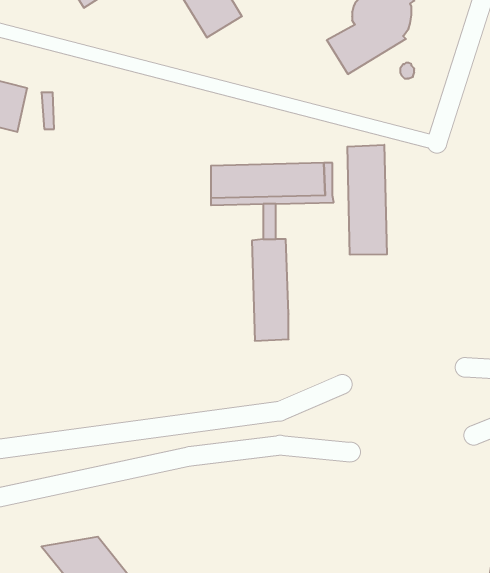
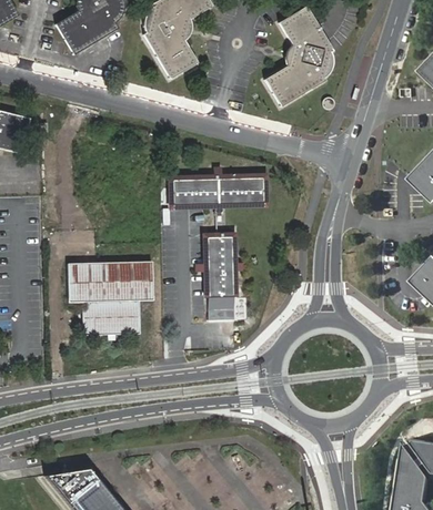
building: [347,145,387,255] -> none
building: none -> [67,262,151,335]

